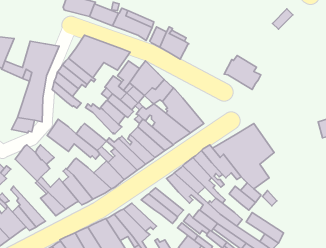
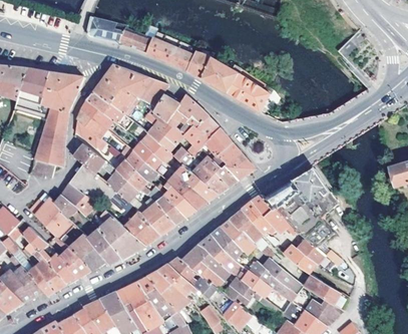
building: none -> [19,68,49,102]
building: [224,55,261,89] -> [227,70,270,110]
building: none -> [73,143,113,173]
building: none -> [108,146,147,190]
building: none -> [61,183,97,215]
building: none -> [21,227,79,284]
building: none -> [197,234,241,276]
building: none -> [169,257,218,298]

